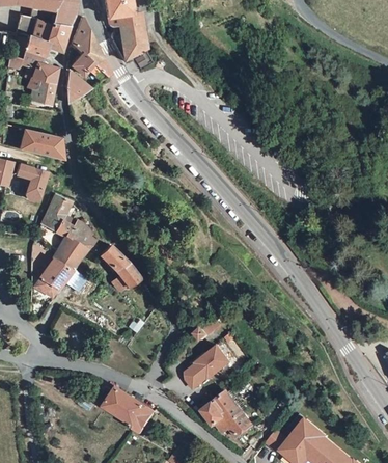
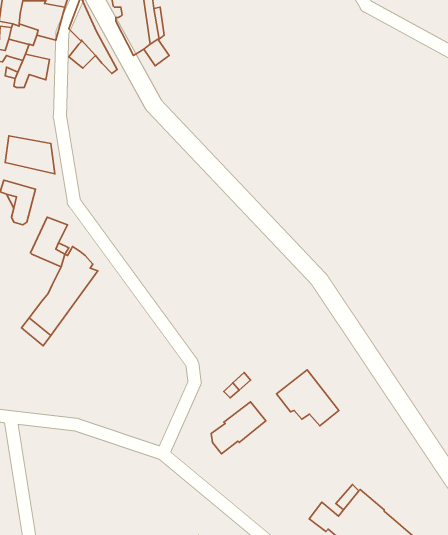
building: [66,71,88,104] -> none
building: [28,79,53,105] -> none
building: [100,244,140,287] -> none
building: [107,388,157,431] -> none
building: [204,390,255,436] -> [276,370,339,426]

